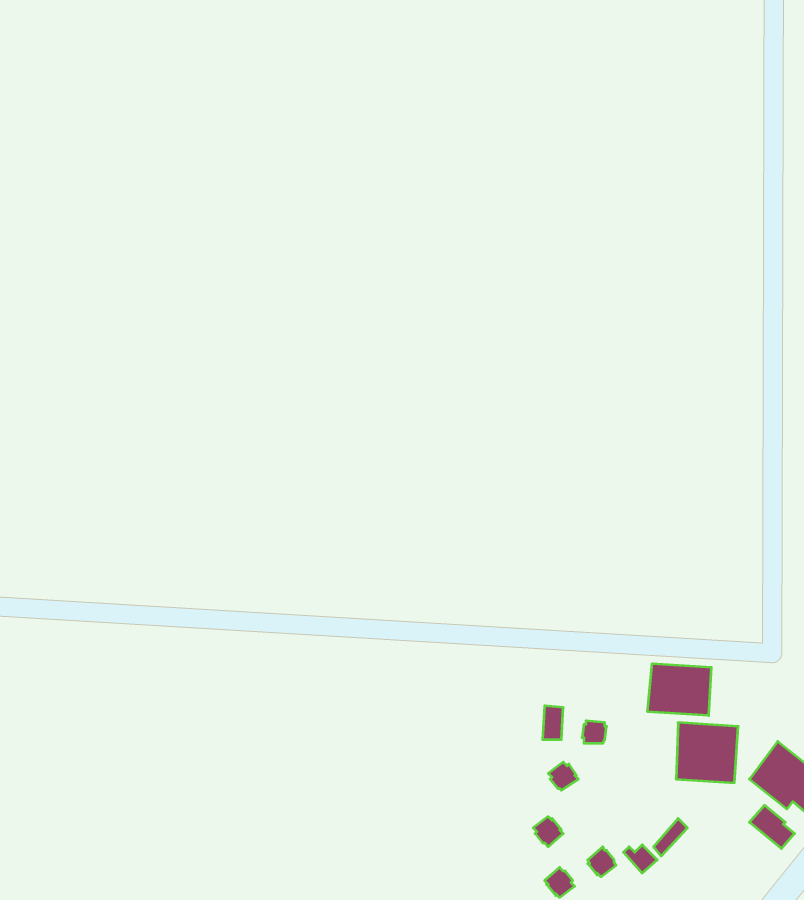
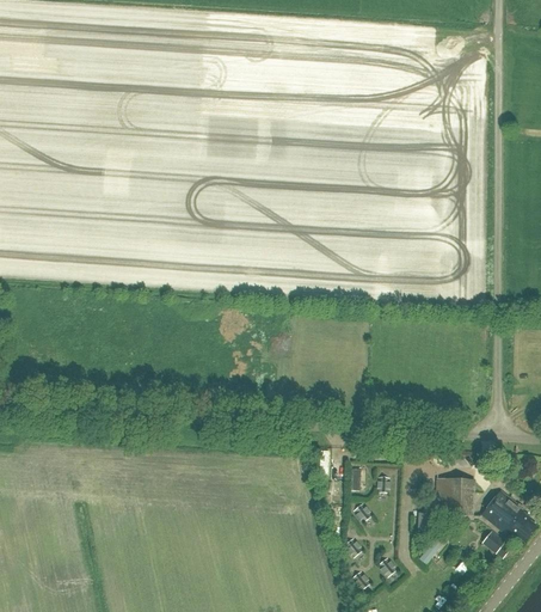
building: [648,664,711,716] -> none

